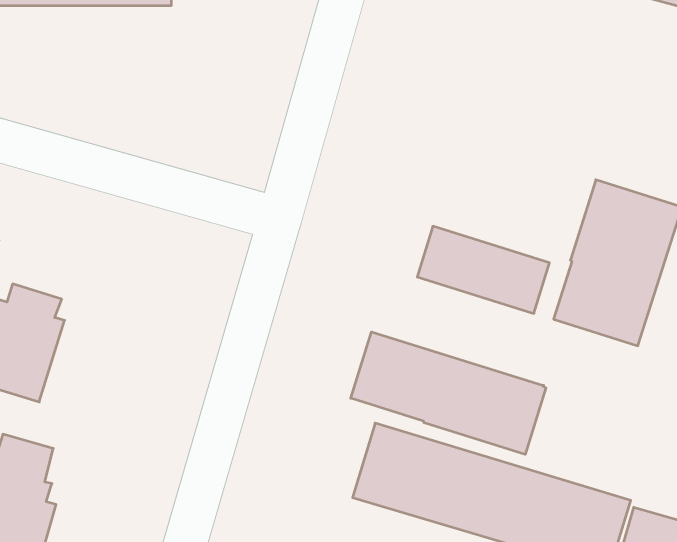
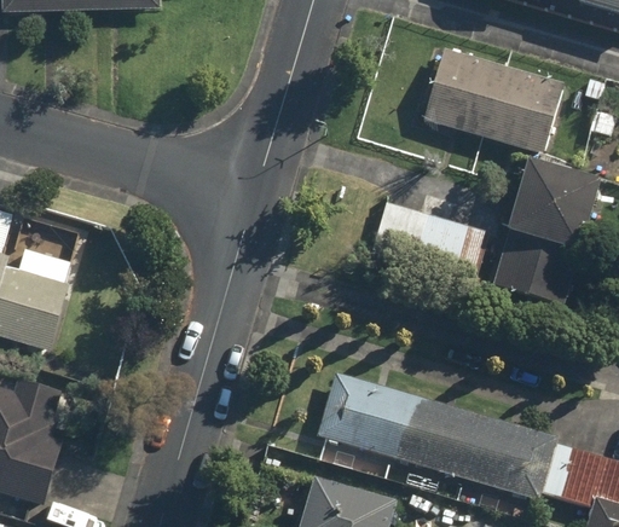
building: none -> [422,47,561,154]
building: [351,332,546,454] -> none

